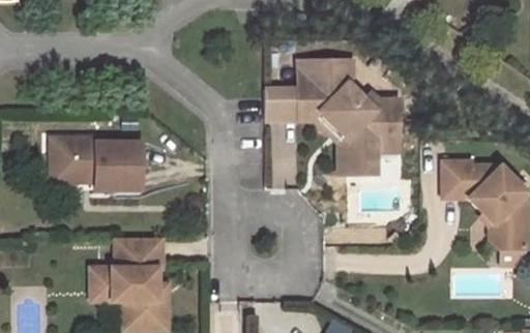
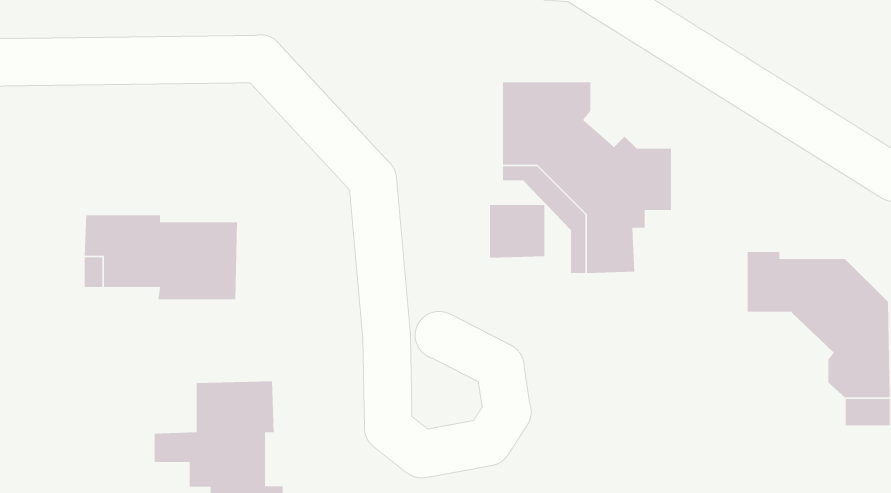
building: [265,88,298,120] -> [489,204,545,258]

